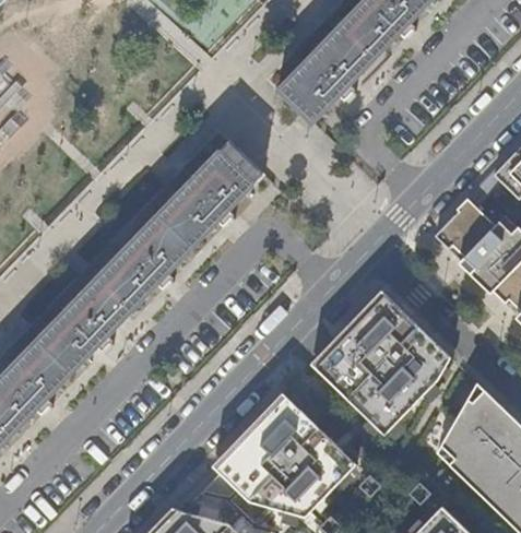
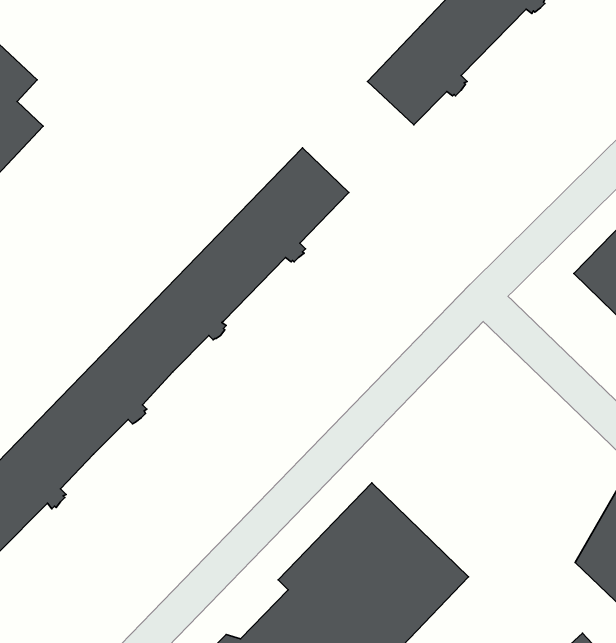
building: [309,291,450,435] -> none

